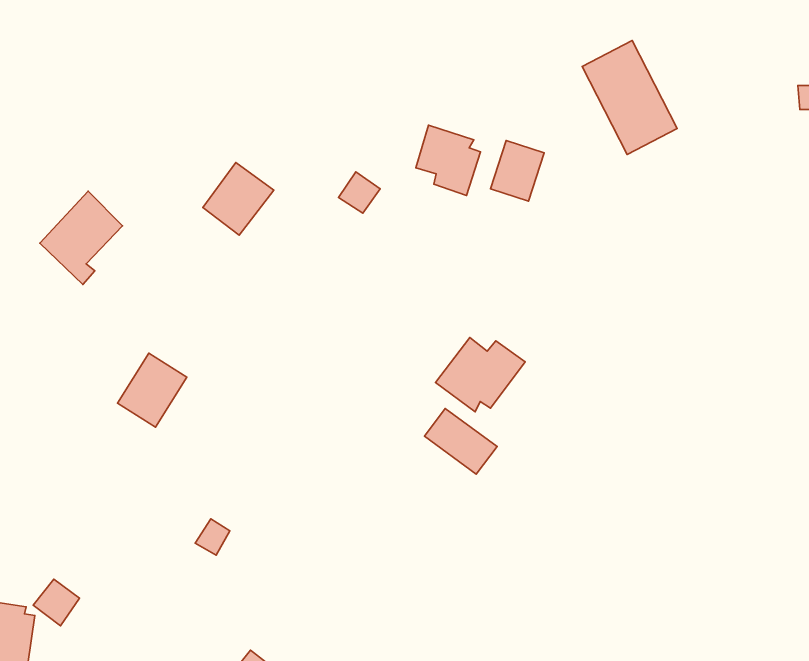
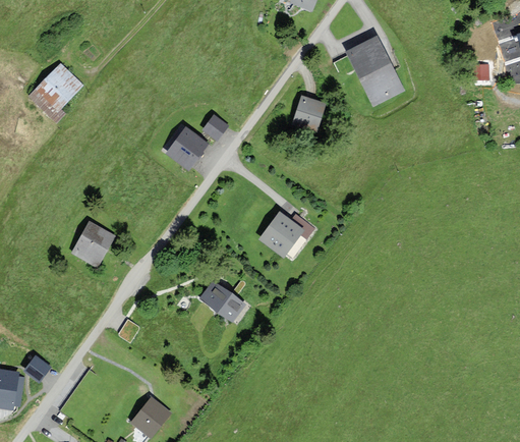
building: [416,125,481,195] -> none
building: [203,163,274,235] -> [166,127,208,170]
building: [40,191,123,285] -> [31,65,79,120]
building: [425,408,497,474] -> [200,282,243,321]

